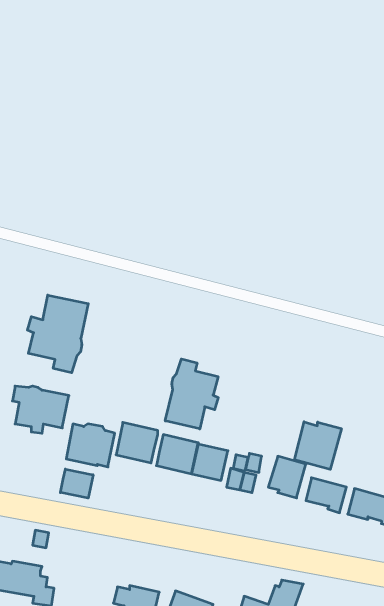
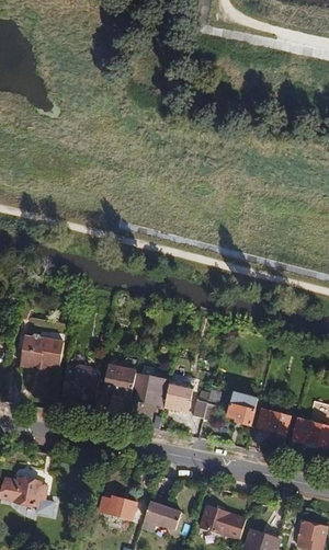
building: [27,295,88,373] -> none
building: [165,359,218,429] -> none
building: [294,422,341,469] -> none
building: [60,469,93,498] -> none

